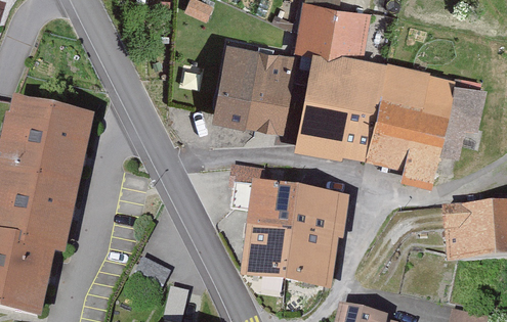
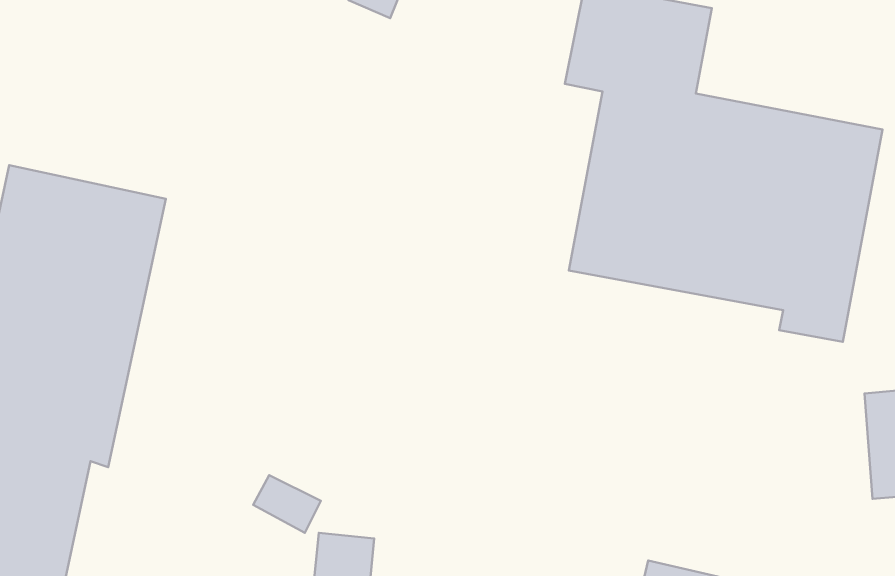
building: [216,46,304,133] -> none
building: [239,178,347,283] -> none

